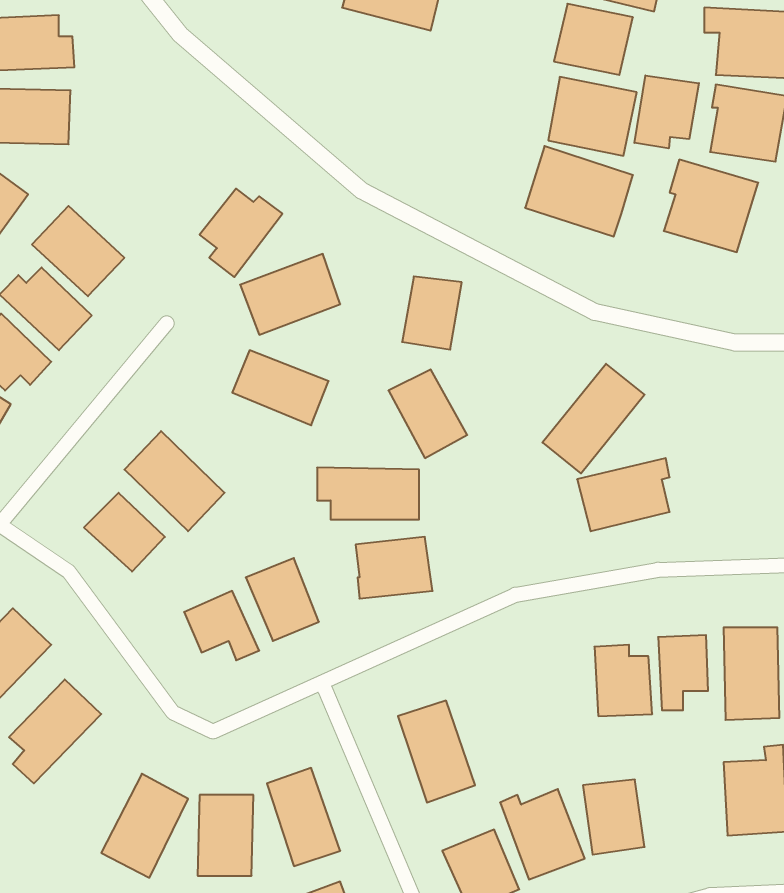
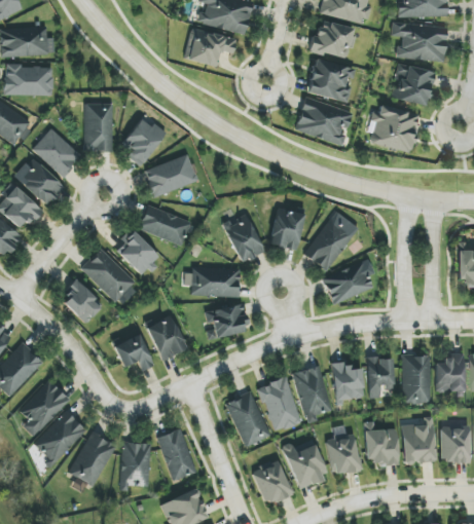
building: none -> [184,29,235,66]
building: [634,75,699,148] -> none
building: none -> [83,104,112,151]
building: [402,276,462,350] -> [271,210,303,249]
building: none -> [115,231,160,276]
building: none -> [292,366,332,423]
building: none -> [258,377,300,432]
building: none -> [34,411,86,462]
building: none -> [364,428,398,465]

